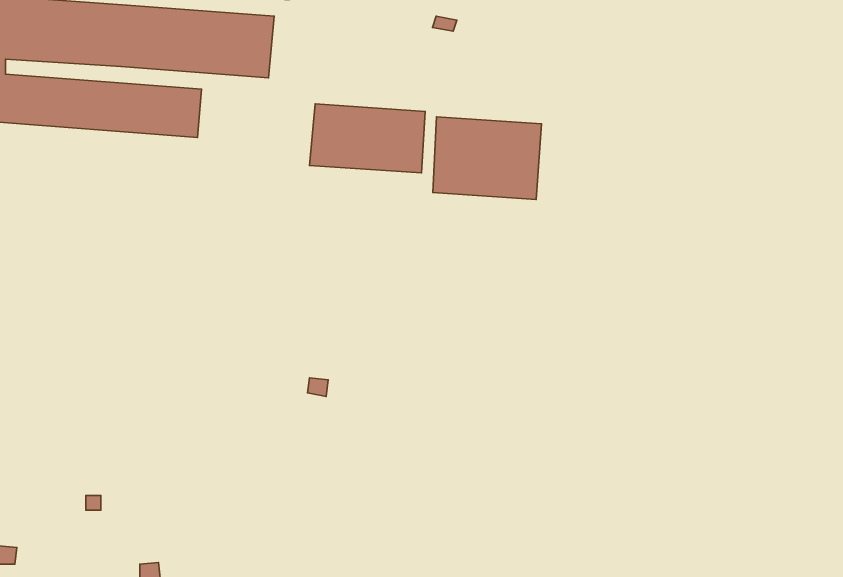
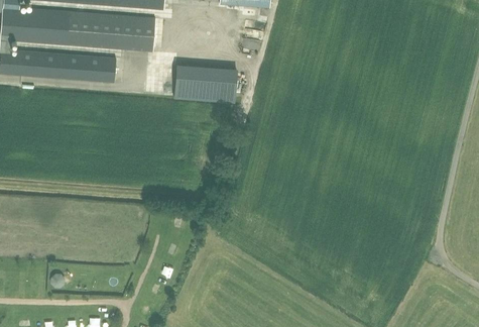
building: [433,117,541,199] -> none

